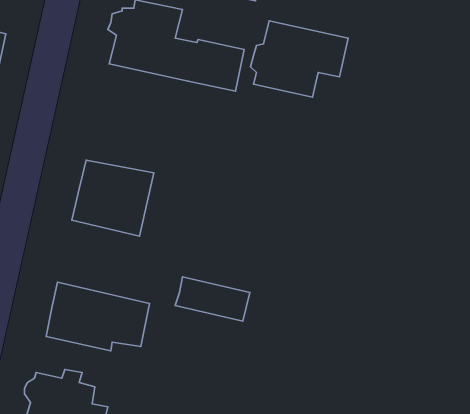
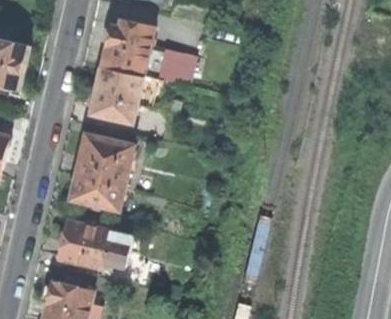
building: [251,21,348,97] -> [88,67,156,120]
building: [175,277,250,321] -> [70,176,122,207]

